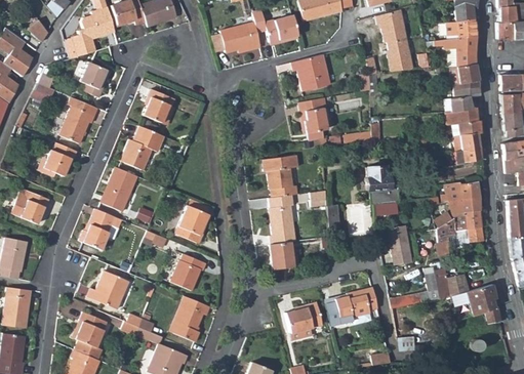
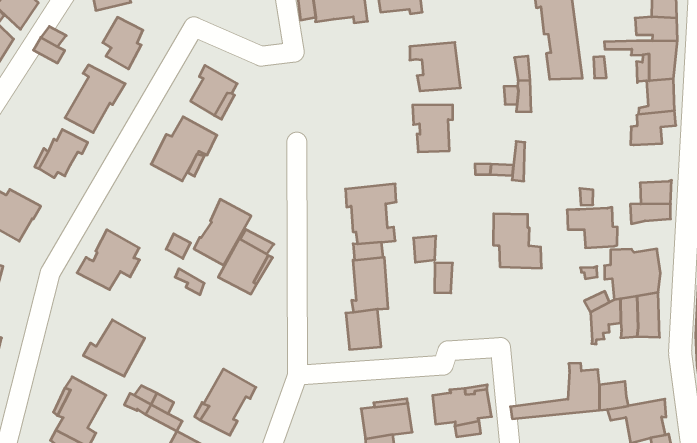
building: [444,108,481,137] -> [567,207,617,248]
building: [102,166,138,211] -> [194,199,251,265]
building: [384,225,409,264] -> none
building: [171,252,207,289] -> none

